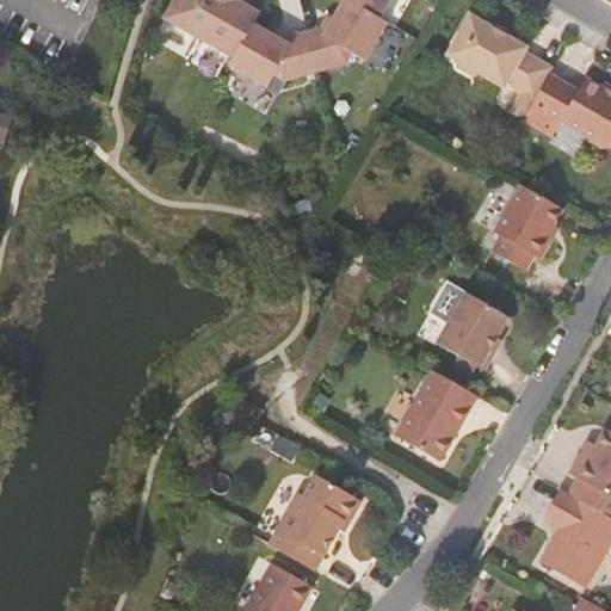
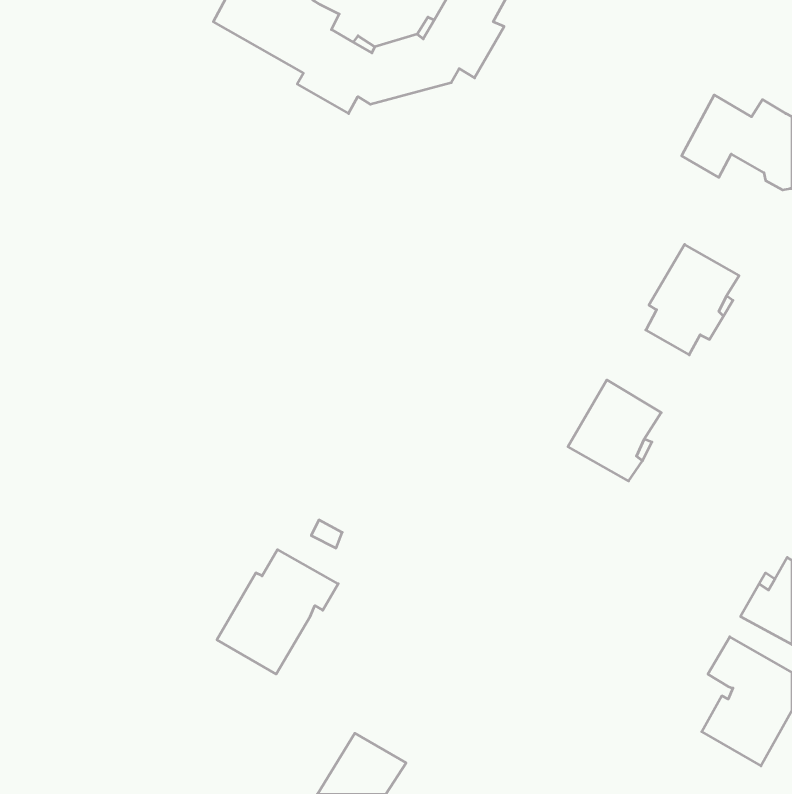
building: [446,14,551,119] -> none
building: [395,370,475,459] -> none
building: [267,474,360,569] -> [217,550,338,674]

